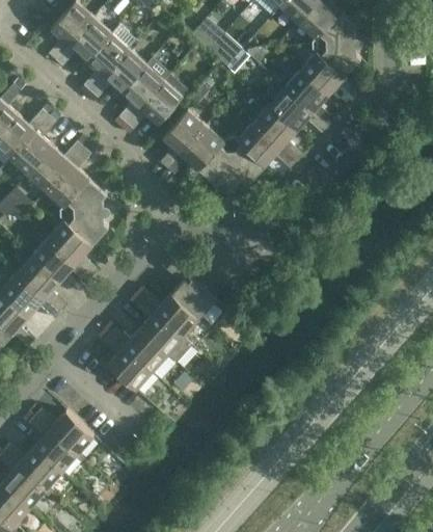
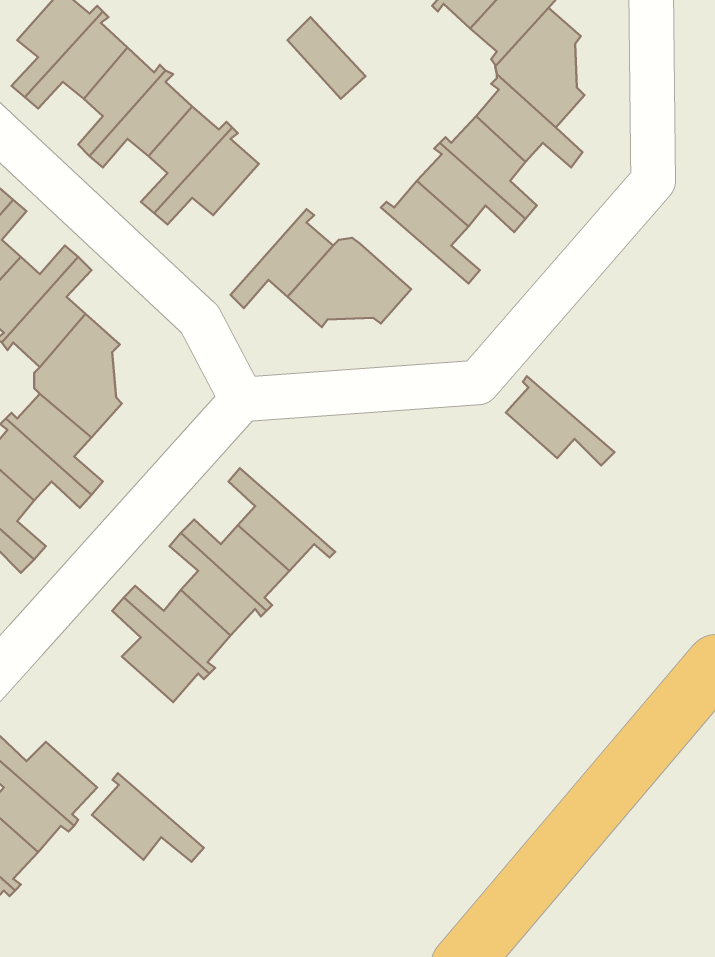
building: [160,110,208,168] -> none
building: [237,121,296,169] -> [506,376,614,466]
building: none -> [92,773,204,862]

